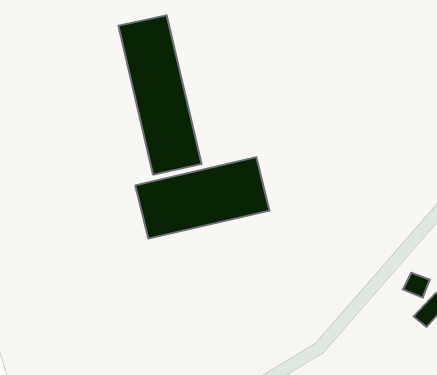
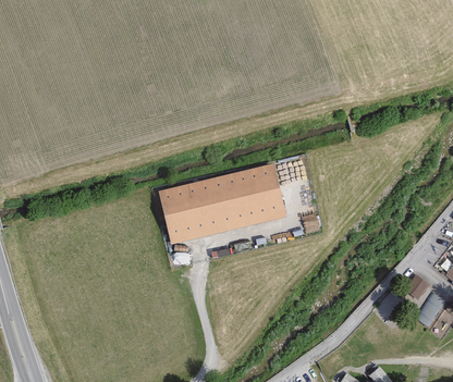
building: [119,15,201,175] -> none

